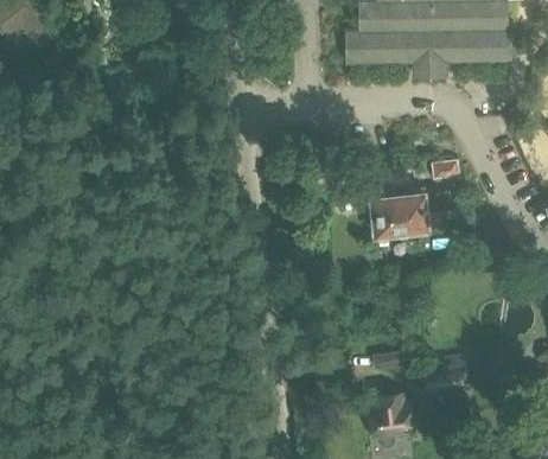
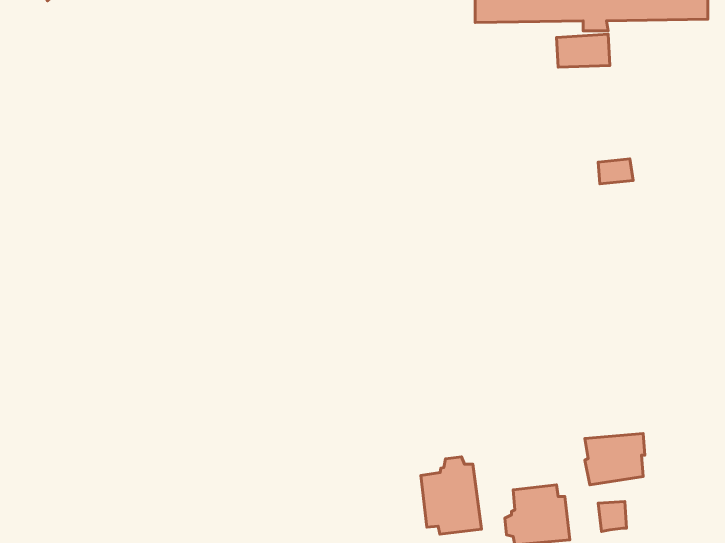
building: [374,191,439,230] -> none
building: none -> [421,457,482,534]

